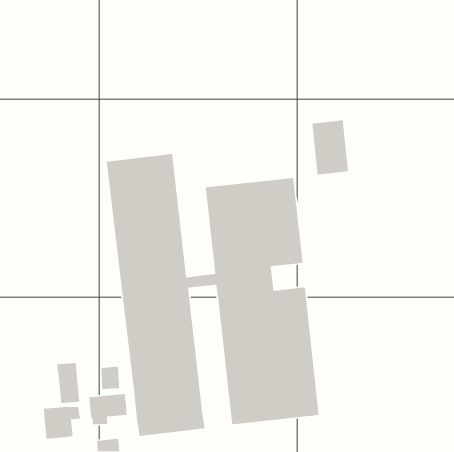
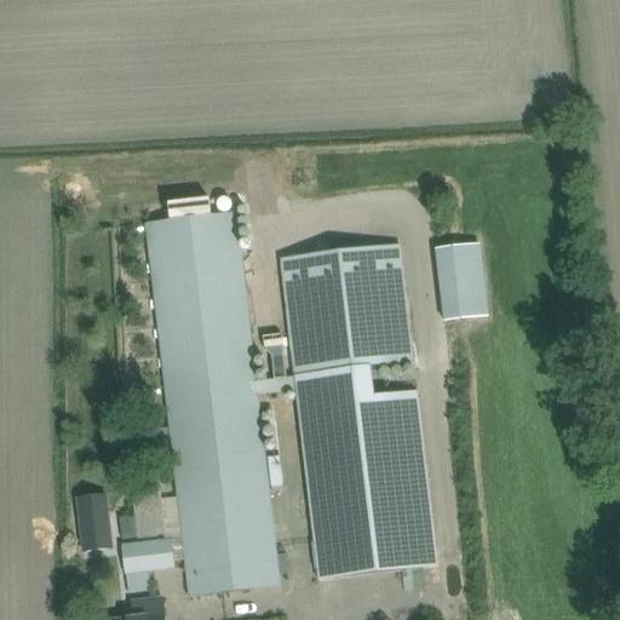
building: [311,119,349,176] -> [436,242,487,318]
building: [43,406,81,439] -> none

